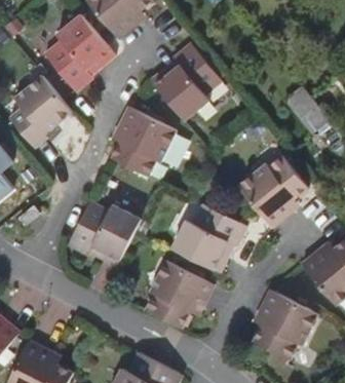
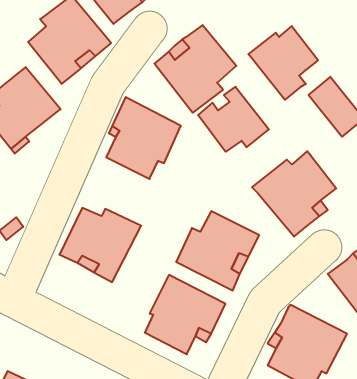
building: none -> [248,26,318,100]
building: none -> [198,87,269,152]

